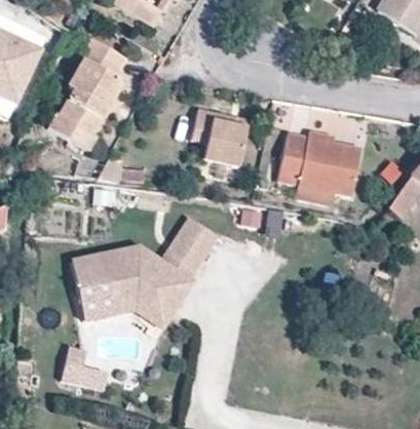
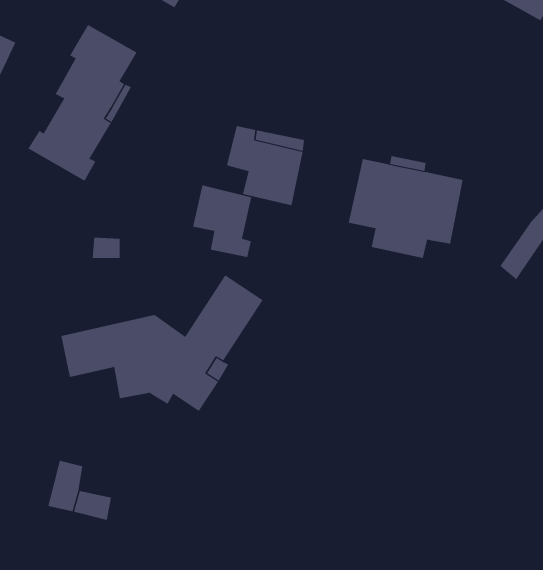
building: none -> [193,185,252,258]
building: [78,281,171,326] -> none

